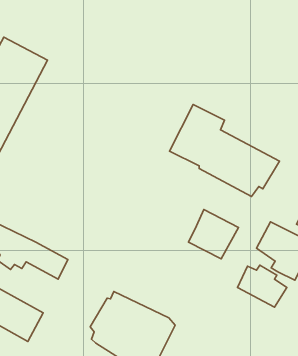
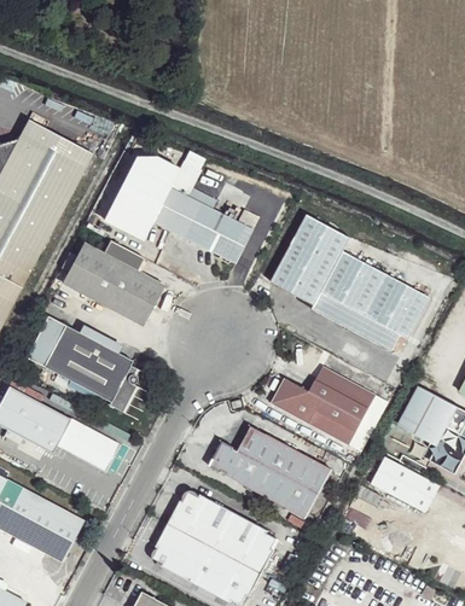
building: none -> [104,157,260,267]
building: none -> [58,238,165,328]
building: none -> [29,311,139,403]
building: none -> [274,381,310,418]
building: none -> [209,426,333,520]

